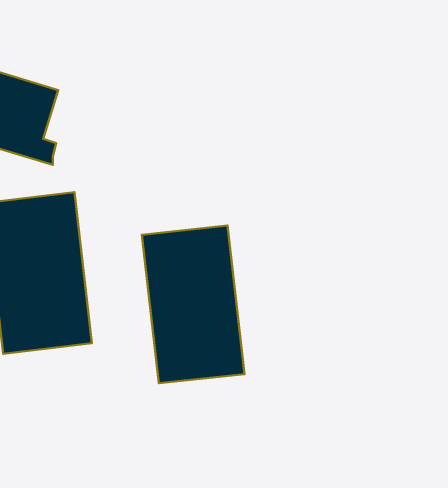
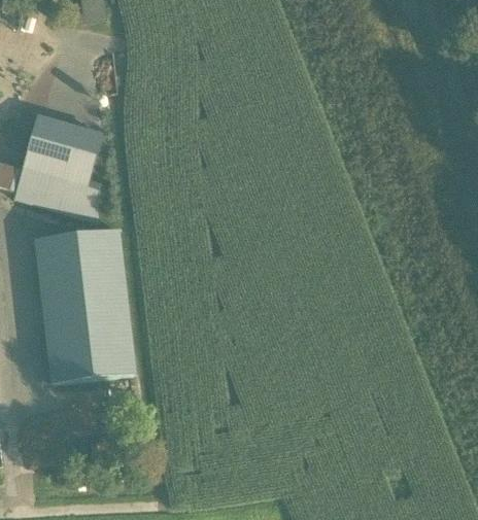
building: [142,226,244,383] -> none

